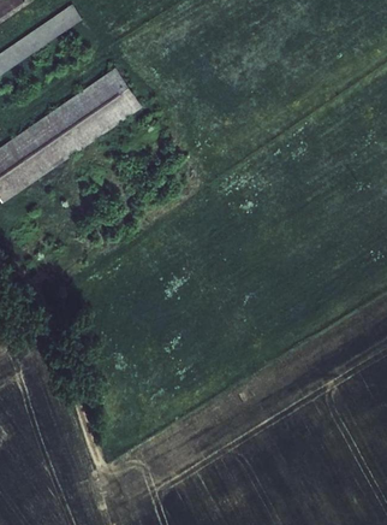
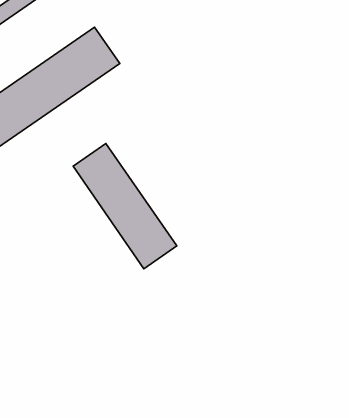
building: none -> [73,143,177,269]

